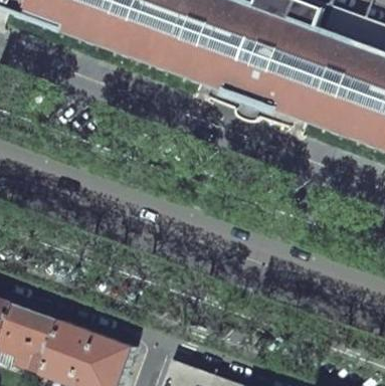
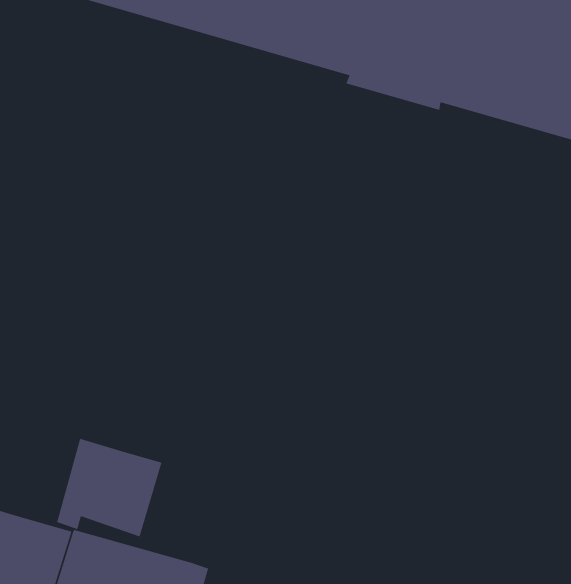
building: none -> [56,438,163,538]

